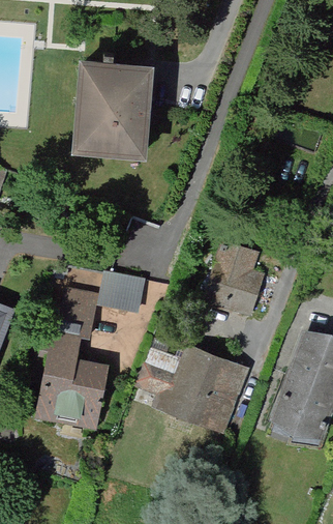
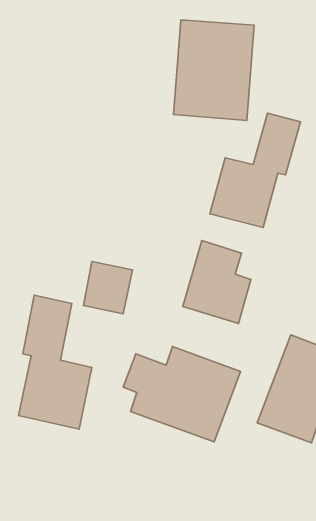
building: [72,58,152,157] -> [174,20,254,121]
building: none -> [210,113,301,228]

